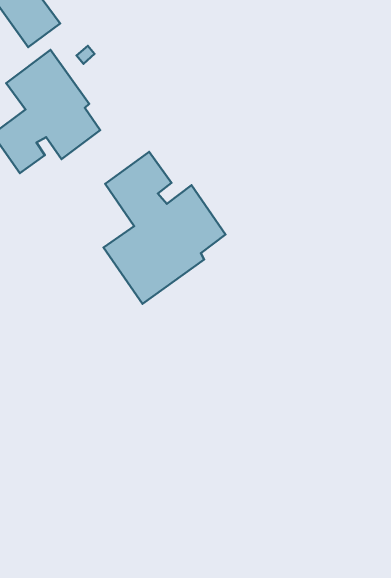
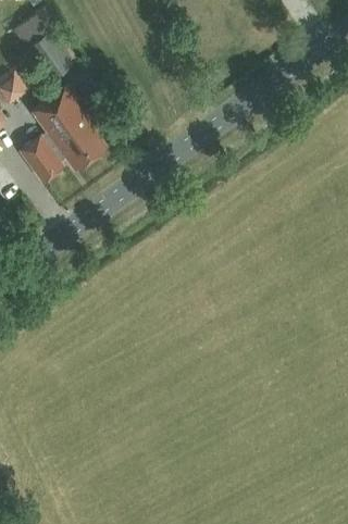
building: [104,152,226,304] -> none

